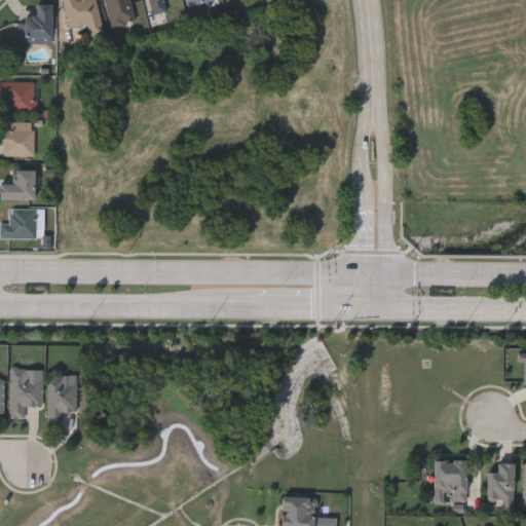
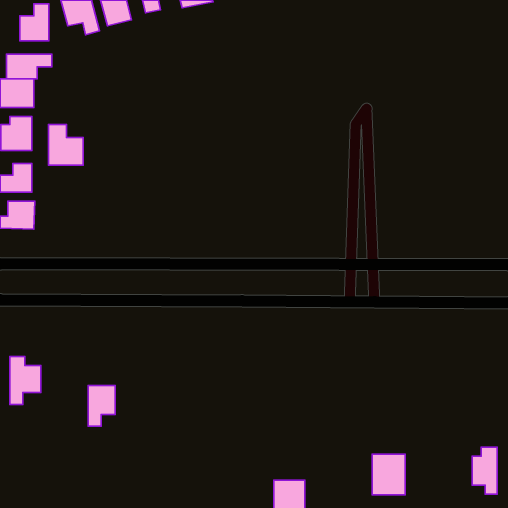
building: none -> [7,54,52,79]
building: none -> [48,124,83,165]
building: [49,381,77,423] -> [88,385,115,426]
building: [434,459,467,501] -> [372,454,405,495]

